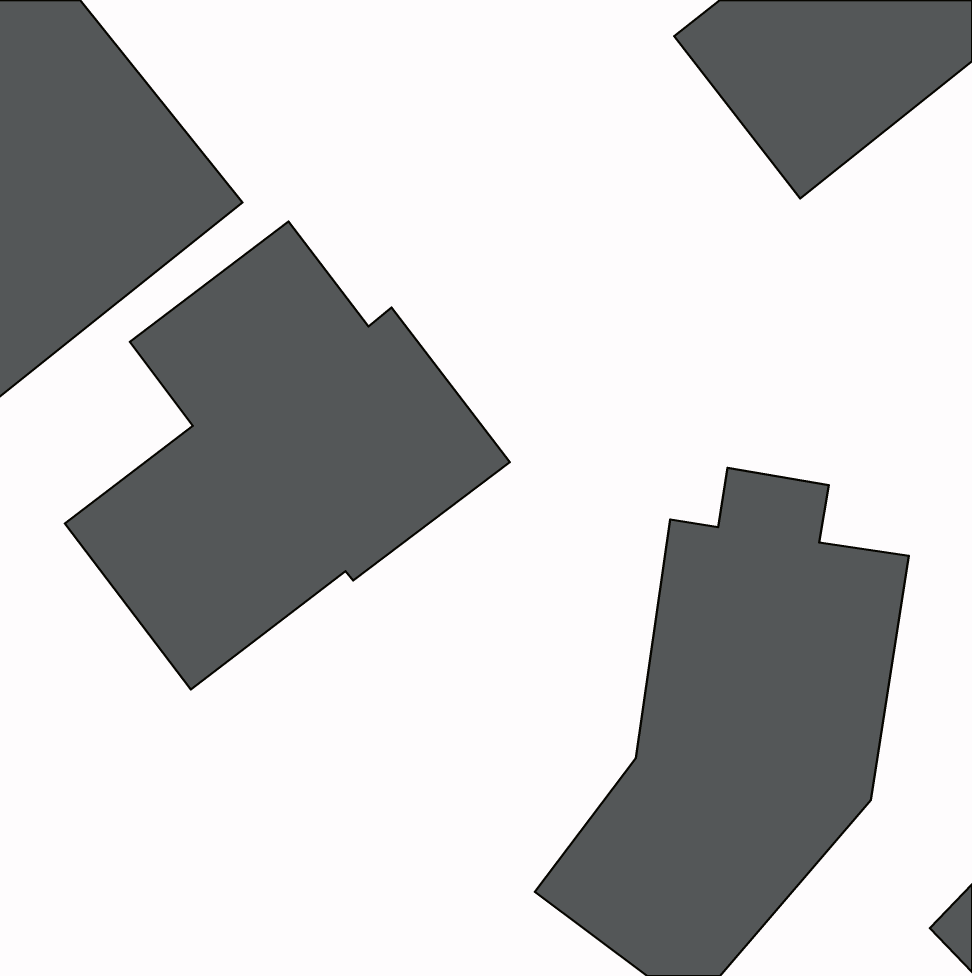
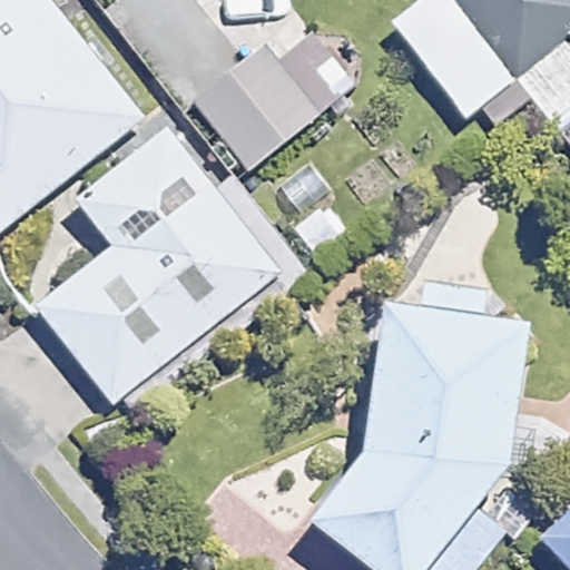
building: none -> [198,23,354,174]

